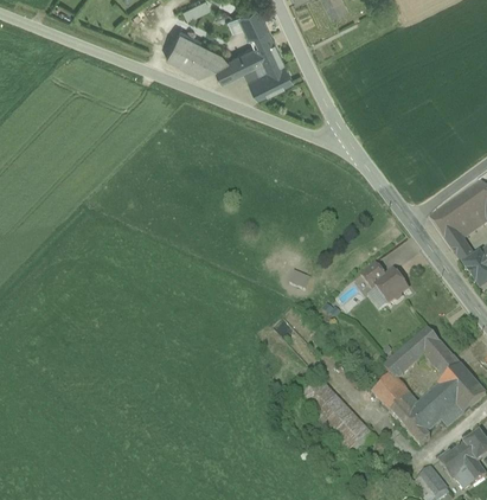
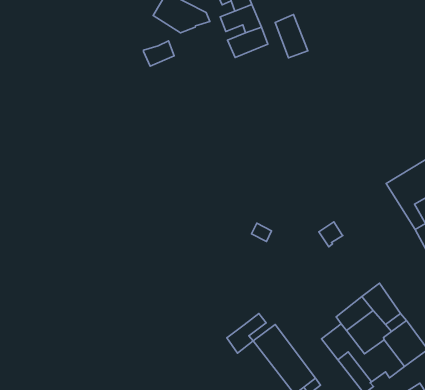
building: none -> [275,15,308,58]
building: [212,50,245,78] -> [144,41,174,66]
building: [374,269,408,302] -> none
building: none -> [227,313,266,353]

